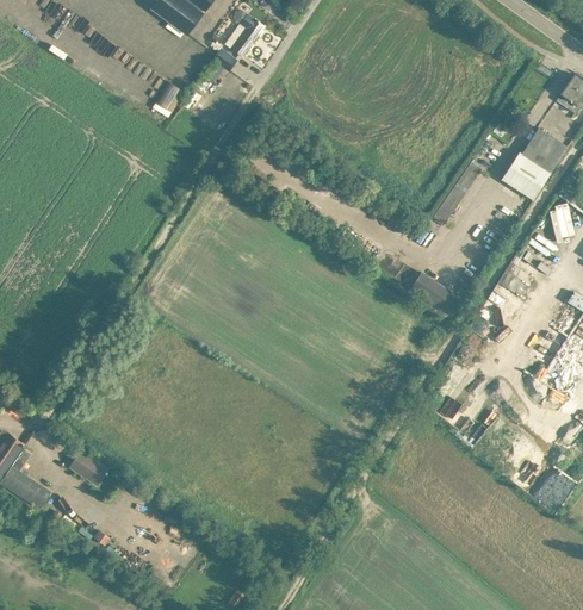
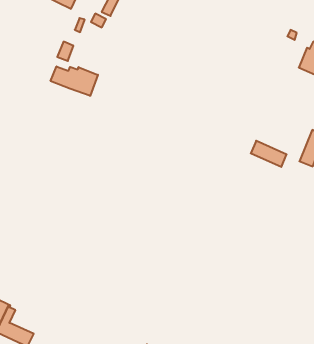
building: none -> [51,66,98,96]
building: [427,160,480,224] -> none
building: [70,452,107,484] -> none

